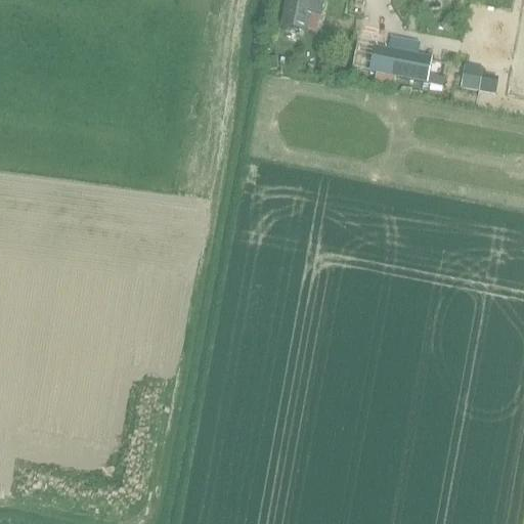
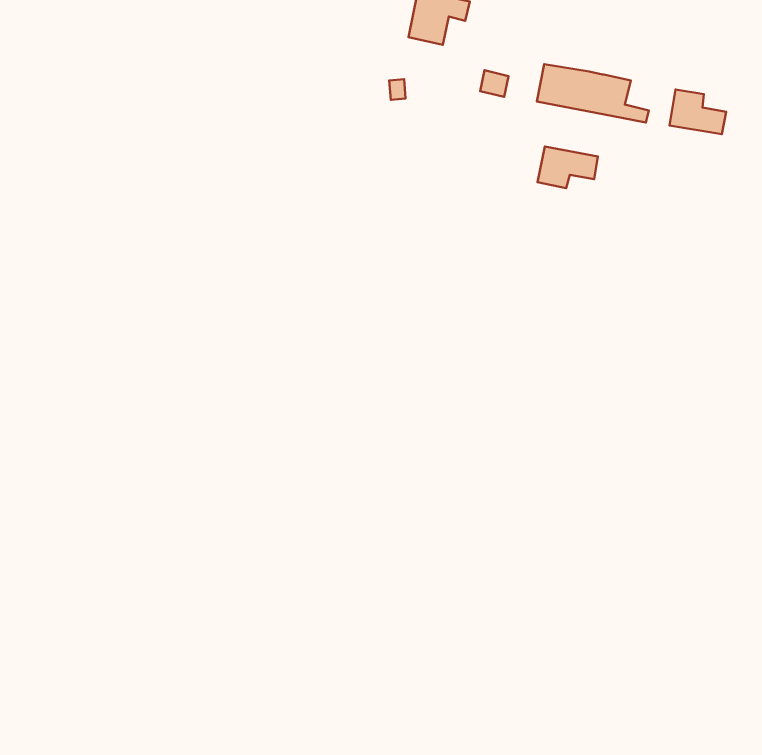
building: none -> [538,146,598,188]

